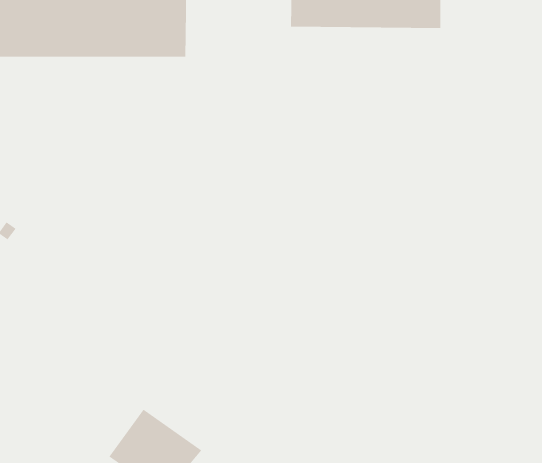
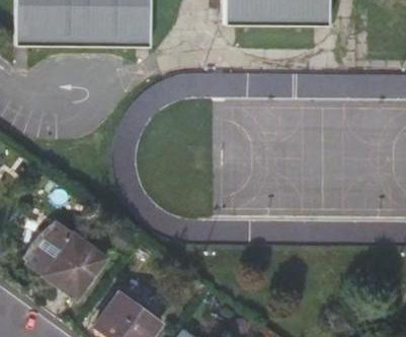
building: none -> [25,217,108,295]

